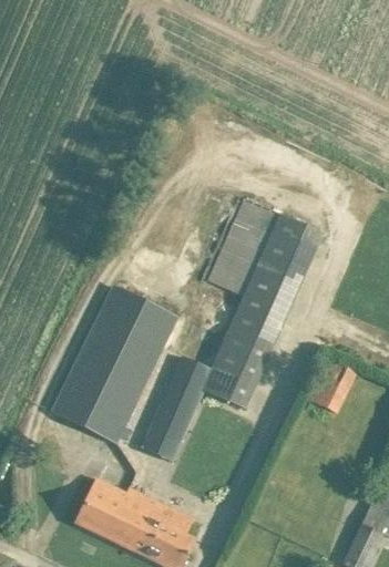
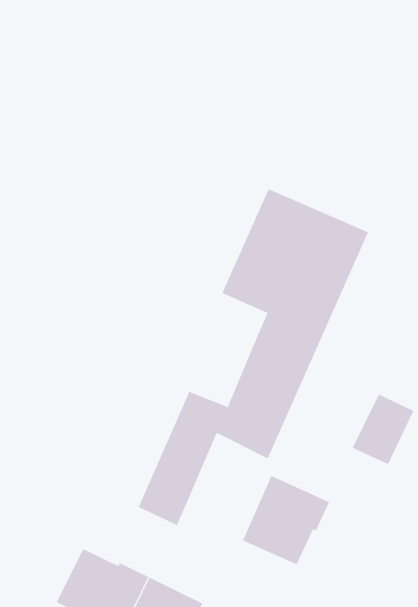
building: [54,287,181,443] -> none
building: none -> [242,475,330,565]

